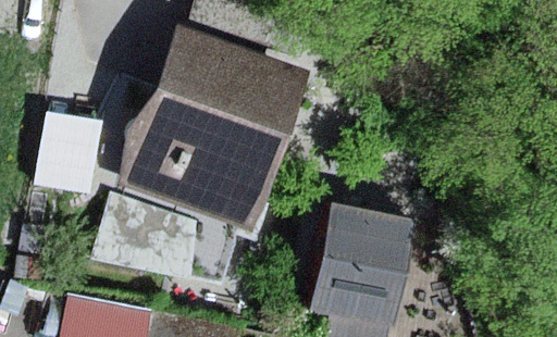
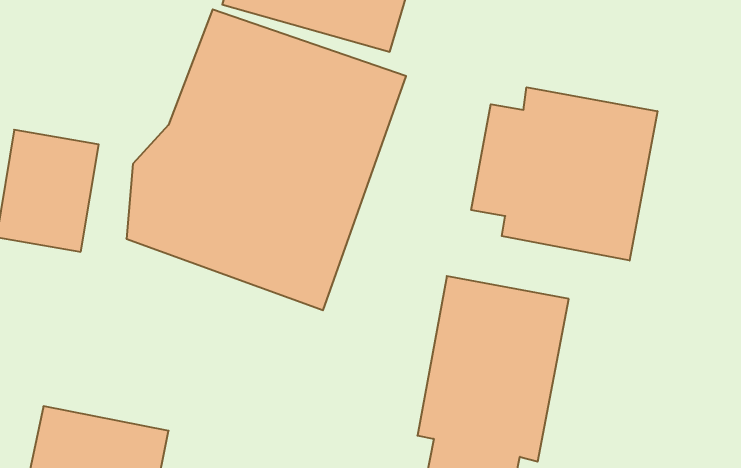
building: none -> [471,87,657,261]
building: [88,190,190,278] -> none

